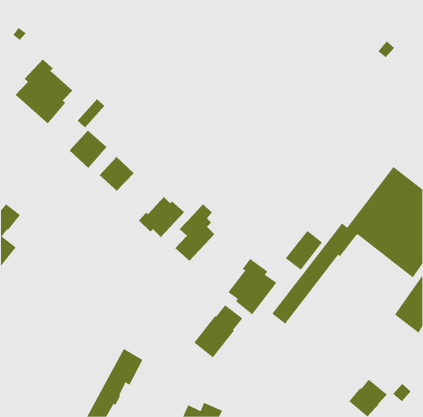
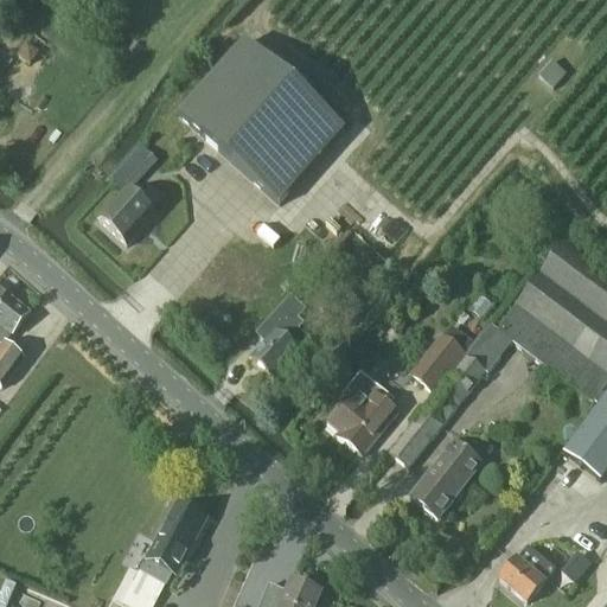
building: none -> [178,38,344,200]
building: [15,59,73,124] -> none
building: [99,156,134,192] -> none
building: [138,196,185,238] -> none
building: [193,304,243,358] -> [409,440,480,517]

